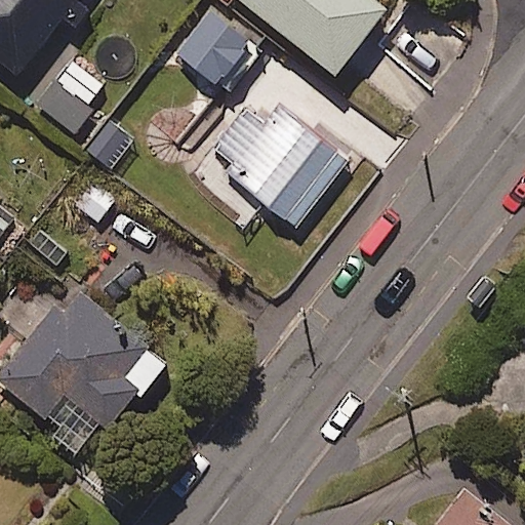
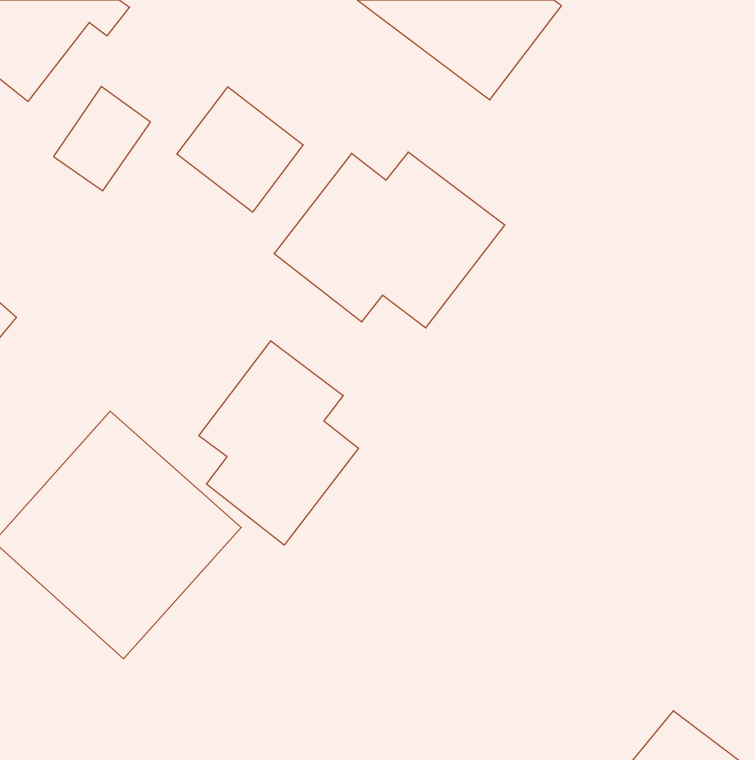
building: [176,5,264,91] -> [177,87,303,212]
building: none -> [199,341,359,545]

